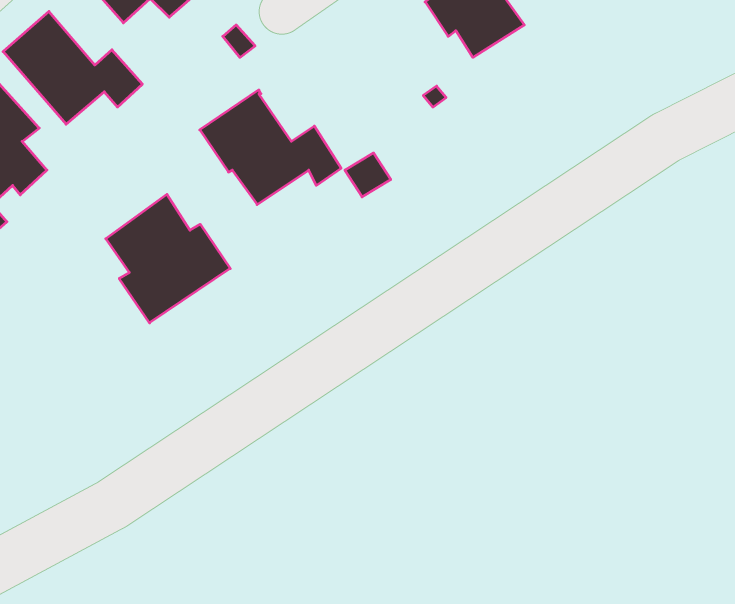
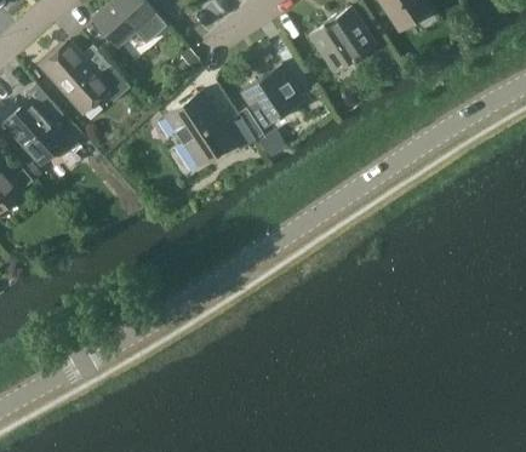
building: none -> [241,65,304,127]
building: [106,194,230,323] -> none

